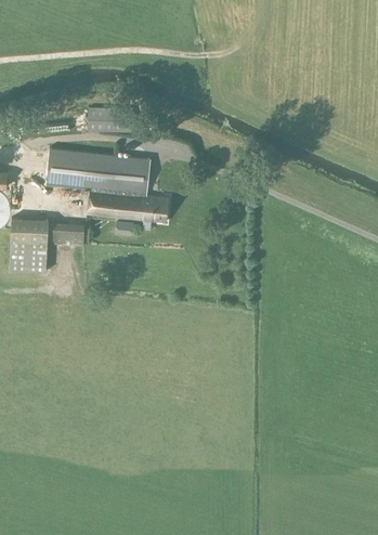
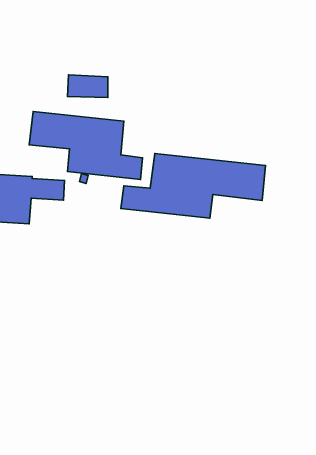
building: none -> [121,154,266,218]

